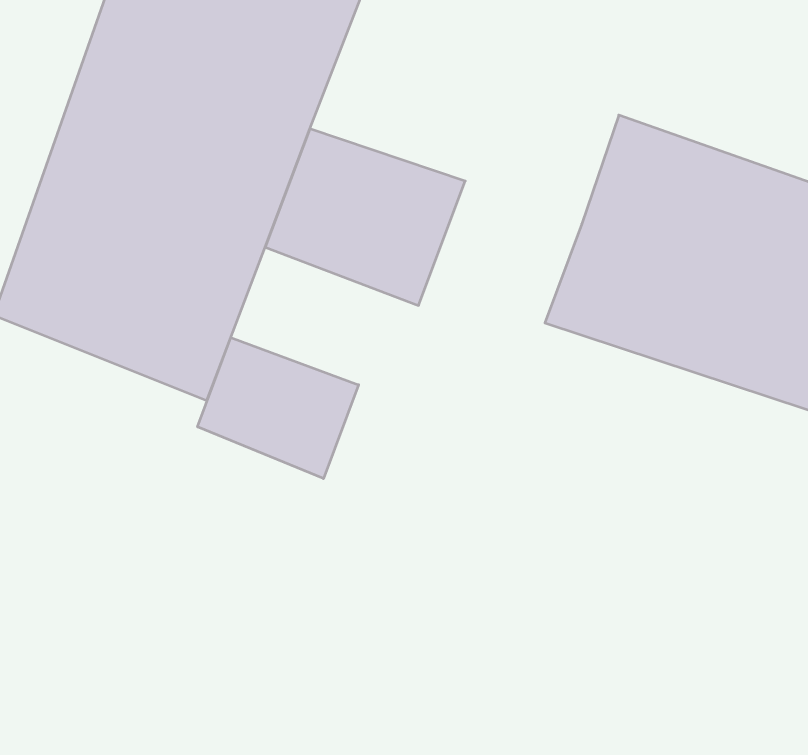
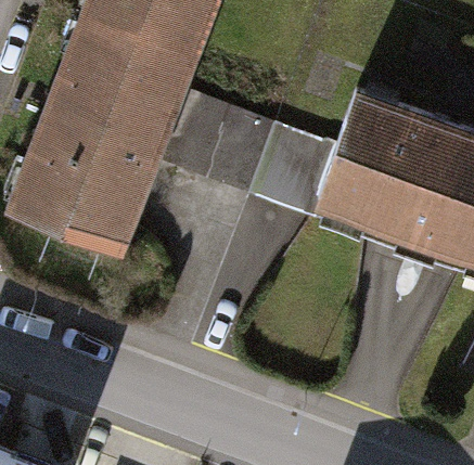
building: none -> [248,127,340,220]
building: [198,337,359,479] -> none

